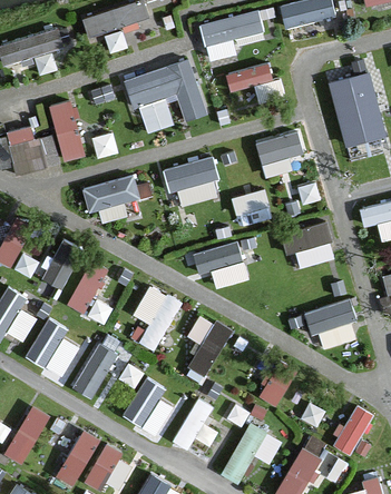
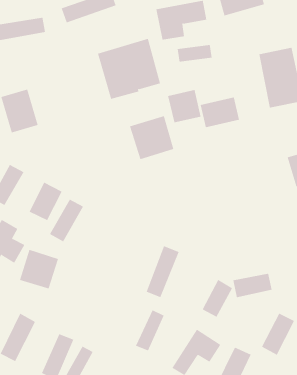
building: [46,100,88,165] -> none
building: none -> [167,89,201,123]
building: [81,175,140,214] -> none
building: [233,192,270,229] -> none
building: [285,221,336,271] -> none
building: [193,241,250,293] -> none
building: [131,284,183,354] -> none
building: [305,302,355,333] -> [233,273,273,298]
building: [71,343,118,401] -> none
building: [124,376,170,434] -> none

